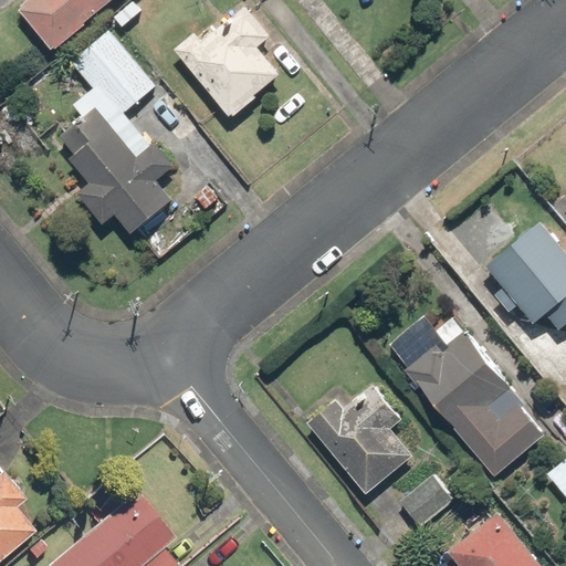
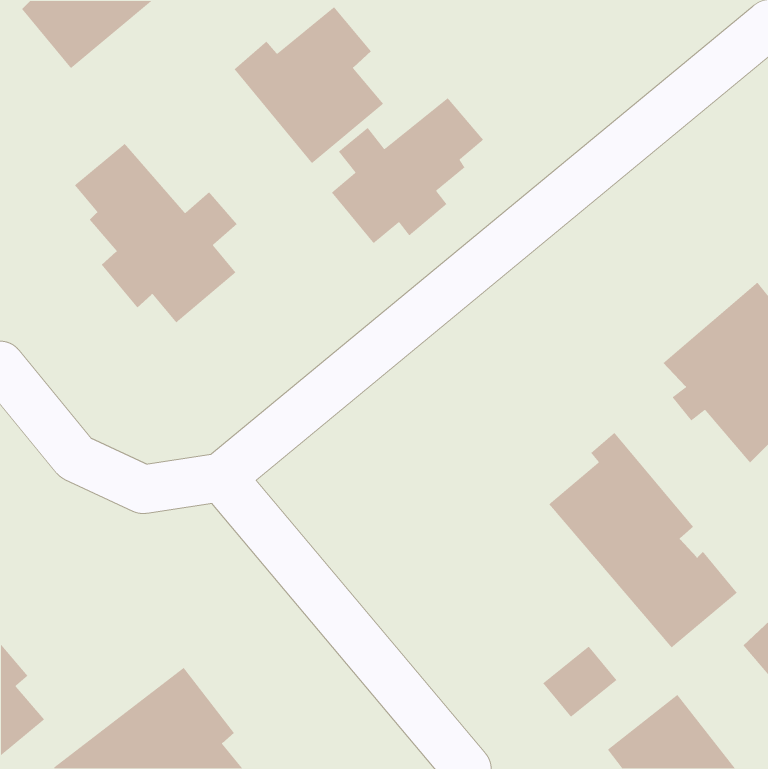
building: [62,29,158,119] -> none
building: none -> [331,97,484,244]
building: [306,385,412,494] -> none

